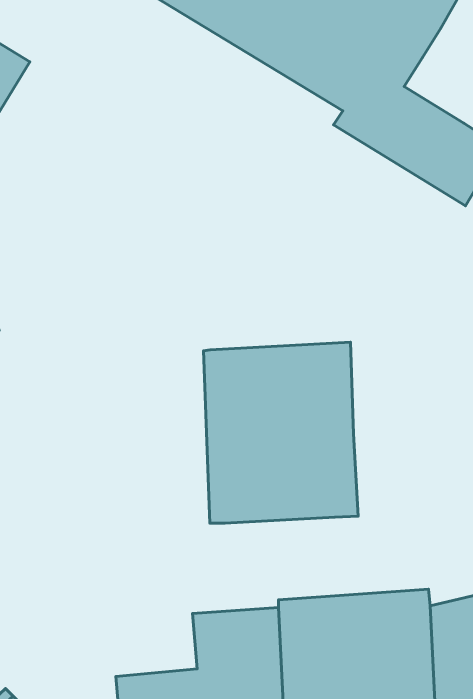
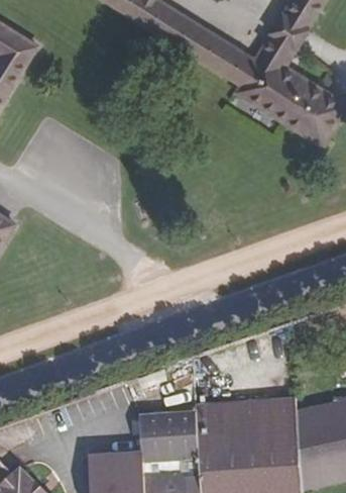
building: [203,342,358,523] -> none

